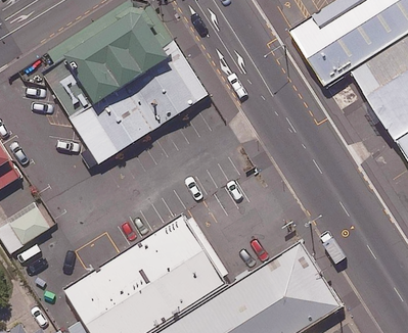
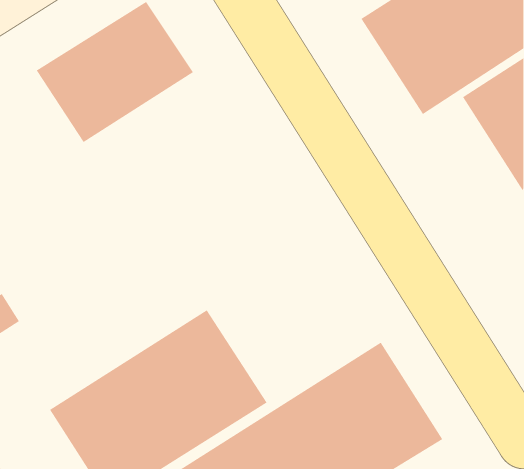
building: [75,57,208,167] -> none

